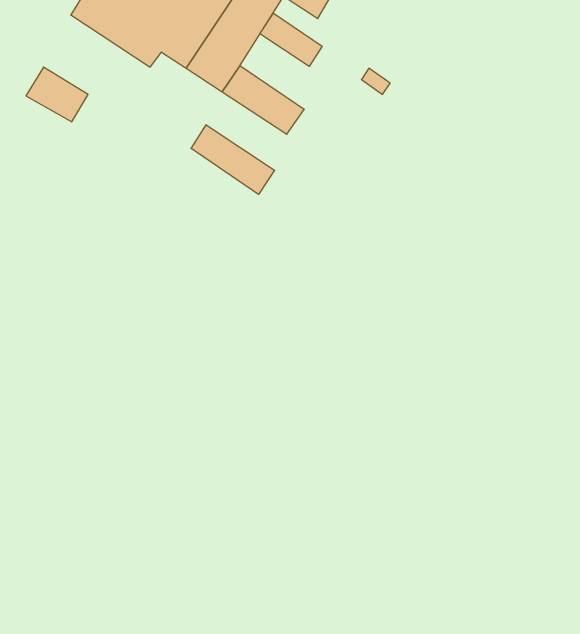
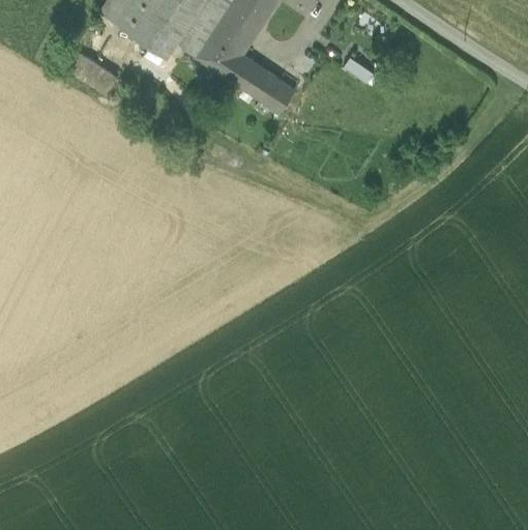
building: [260,13,322,66] -> none
building: [191,125,275,194] -> none

